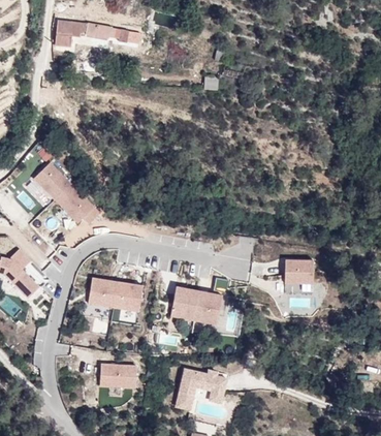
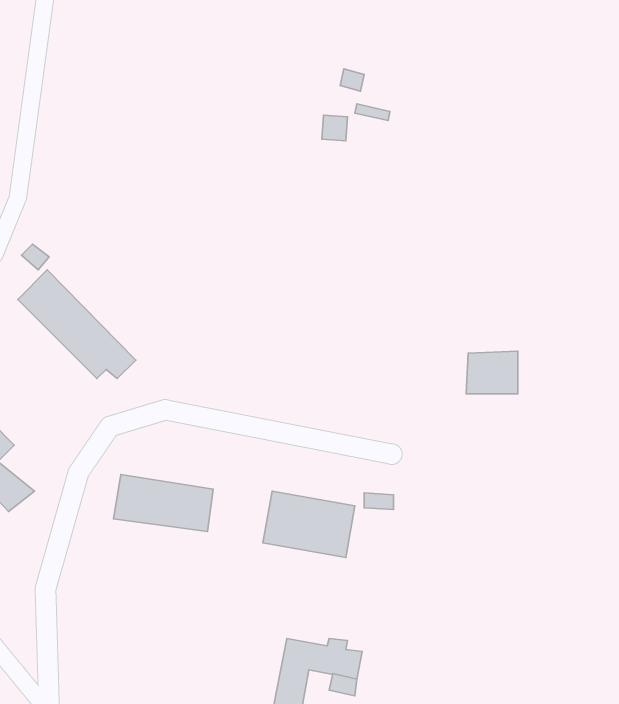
building: [55,20,136,46] -> none
building: [284,258,313,282] -> [466,351,518,394]
building: [99,364,136,386] -> none

